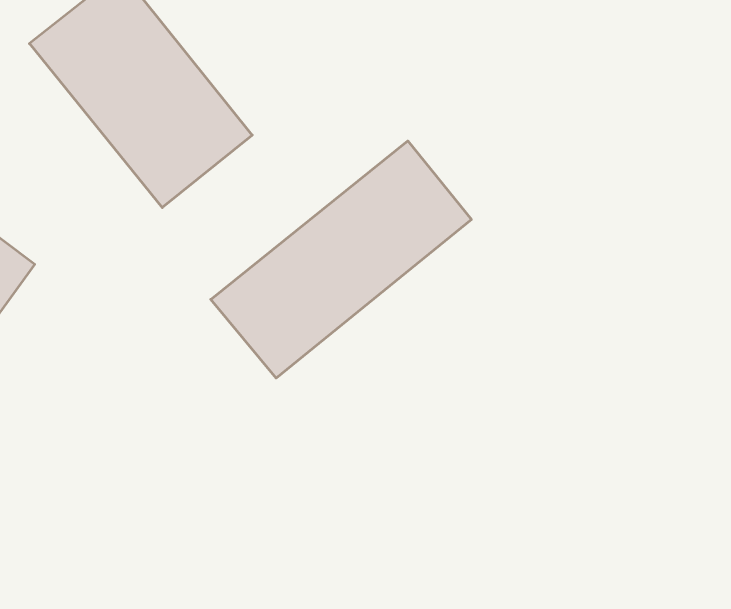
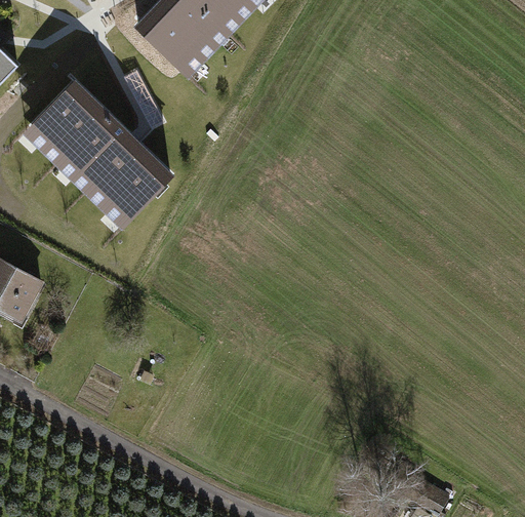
building: [211,141,471,378] -> none

